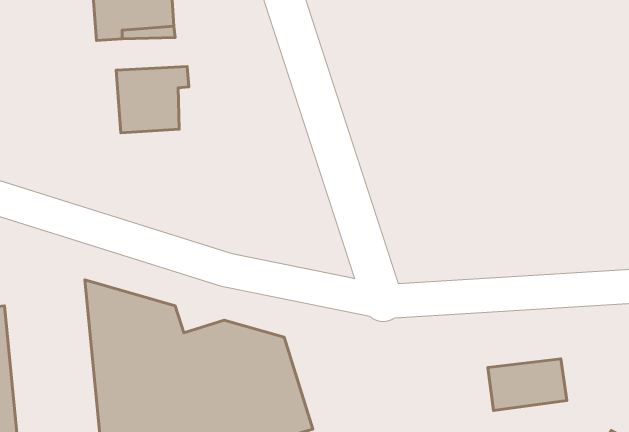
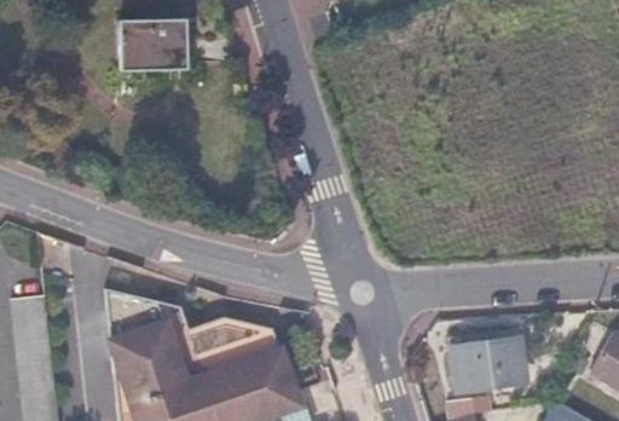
building: [116,66,189,133] -> none
building: none -> [442,334,530,396]

